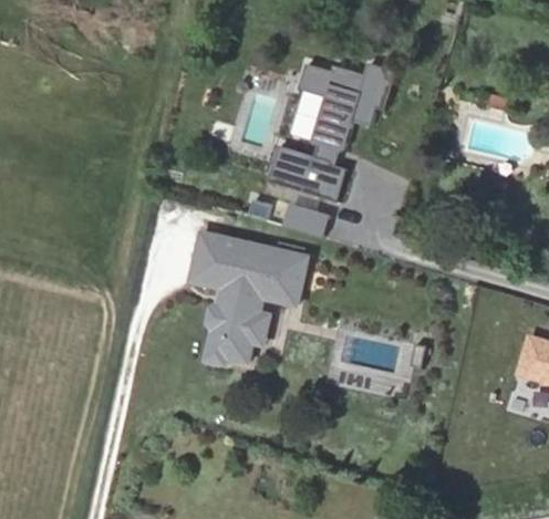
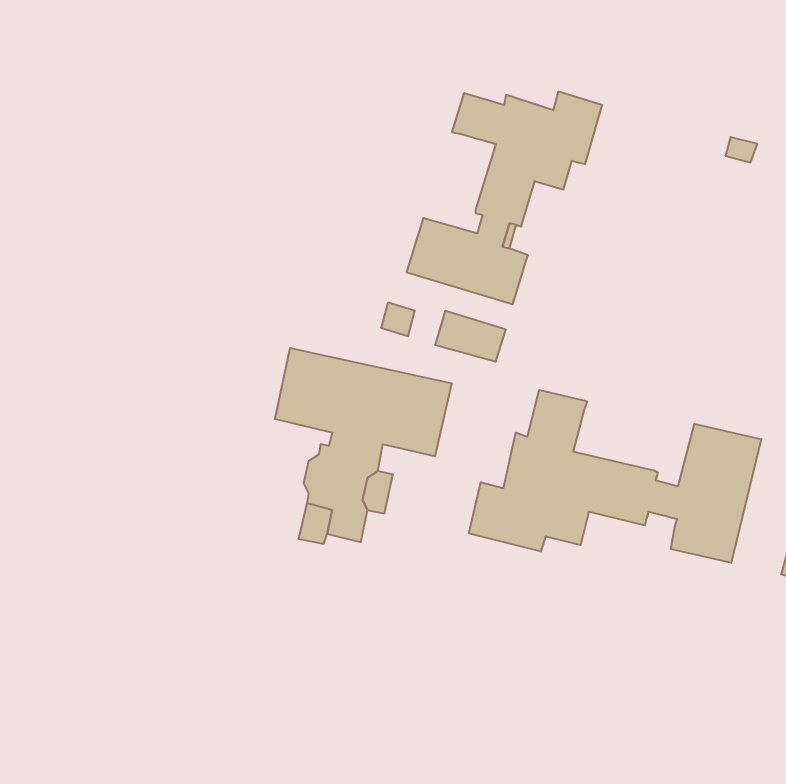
building: [294,90,330,139] -> none
building: none -> [469,390,761,563]

